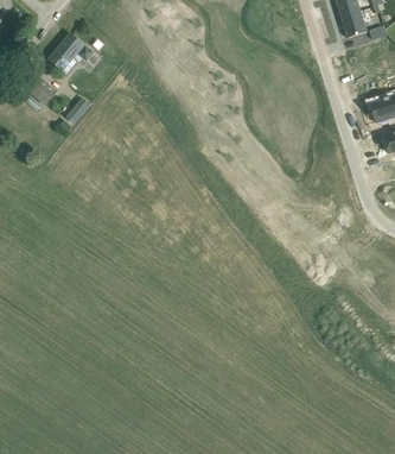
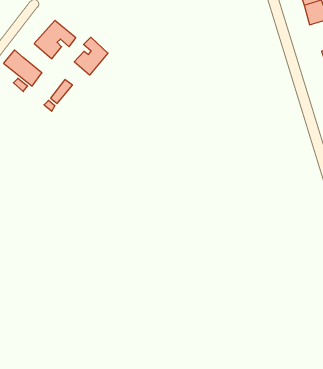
building: none -> [74,37,108,75]

